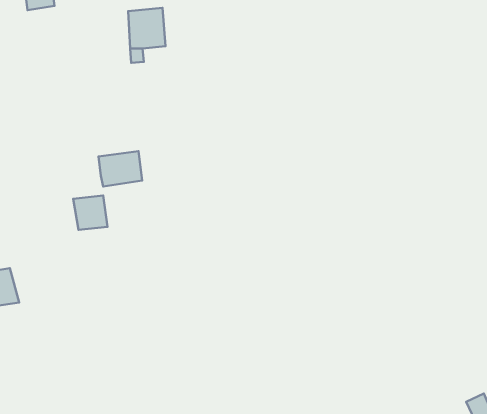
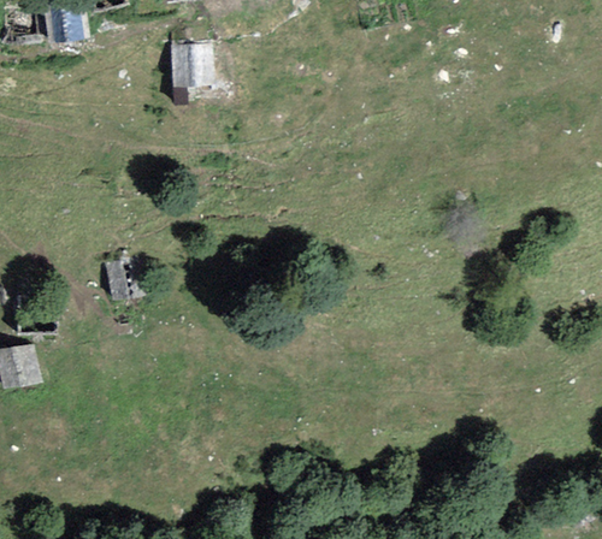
building: [99,151,142,186] -> none

